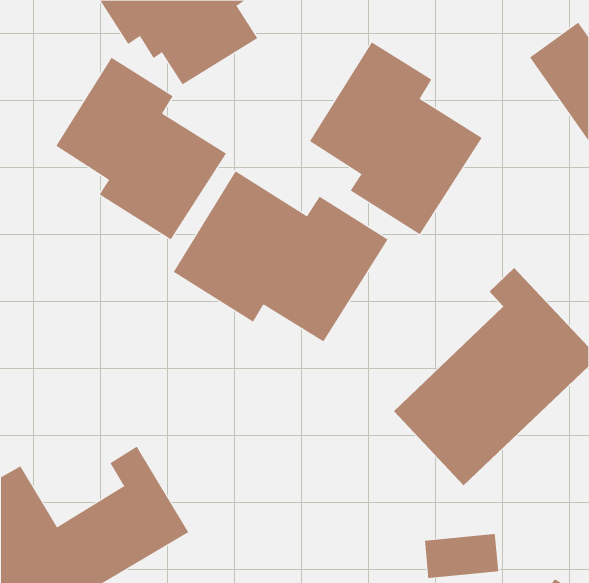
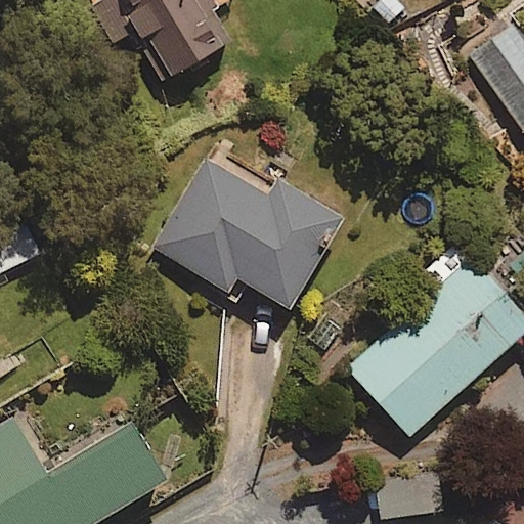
building: [309,42,483,235] -> none
building: [55,57,227,240] -> none

